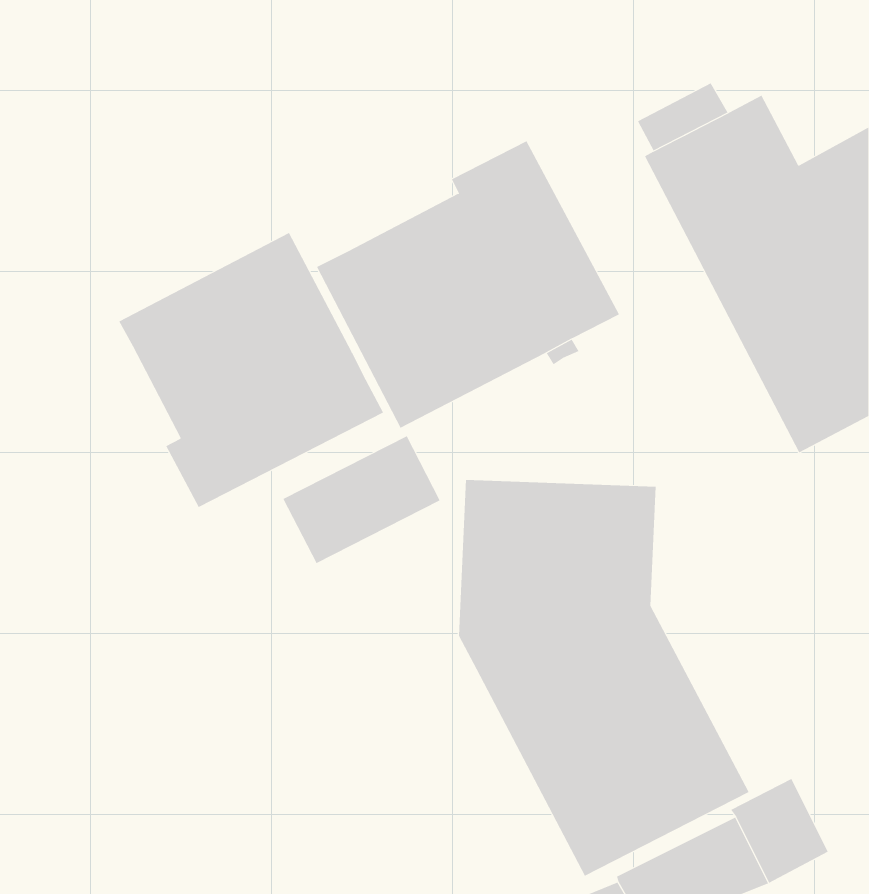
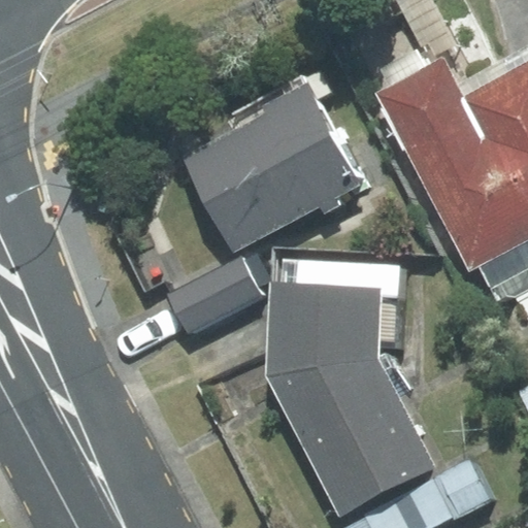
building: [119,232,384,508] -> none

